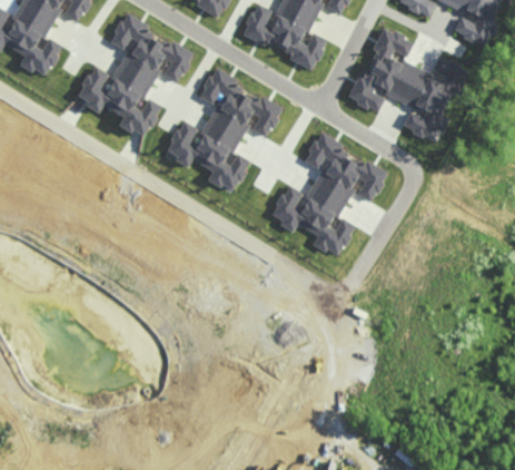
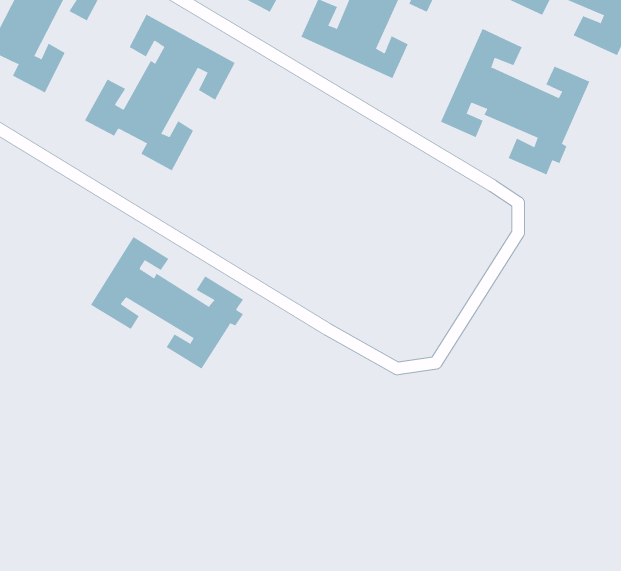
building: [164,70,280,192] -> none
building: [269,136,386,256] -> none
building: none -> [90,236,244,370]

